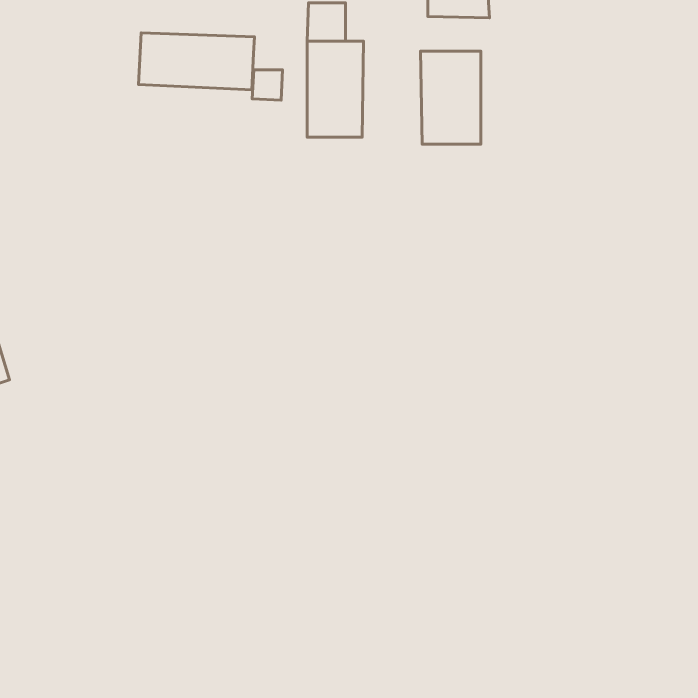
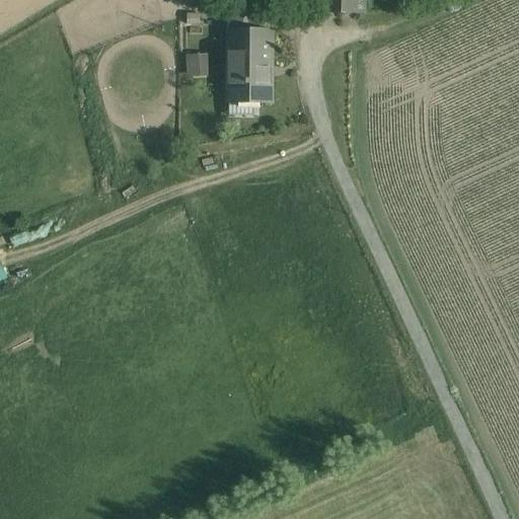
building: [139,33,254,90] -> none
building: [421,51,481,144] -> none

